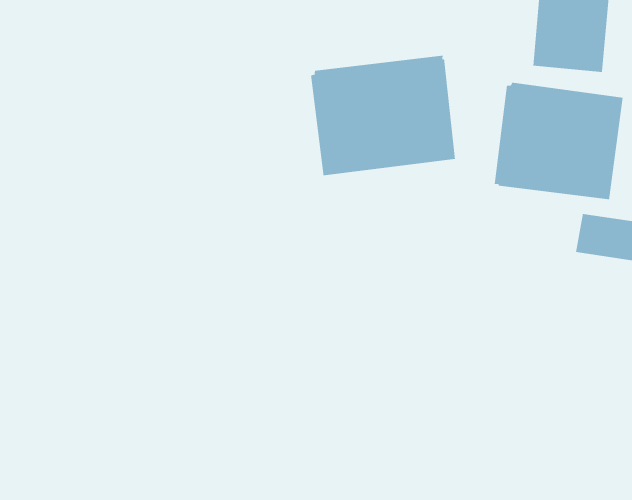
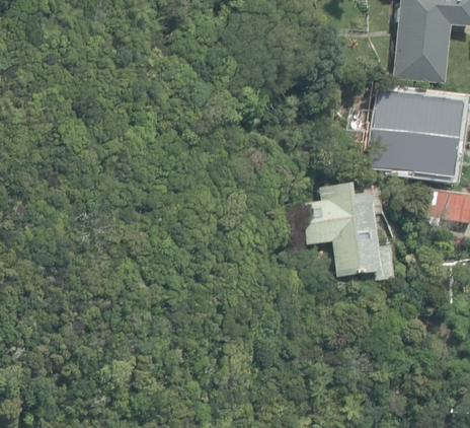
building: [311,55,456,176] -> none
building: none -> [300,184,394,281]

